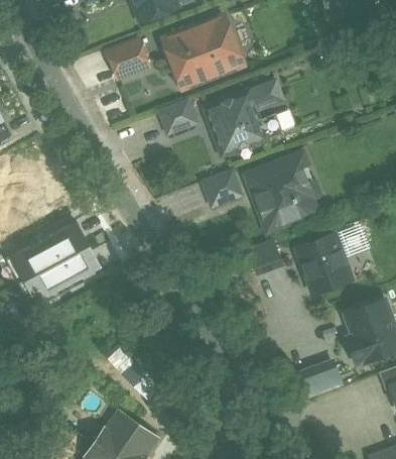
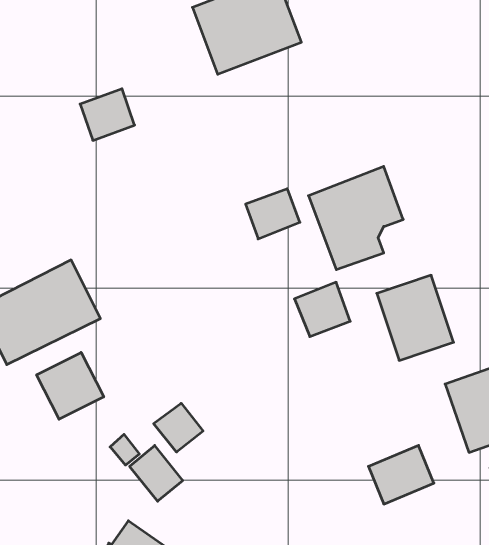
building: [109,39,148,77] -> [80,89,135,140]
building: [205,81,283,154] -> none
building: [158,98,197,133] -> none
building: none -> [37,352,104,419]
building: none -> [154,403,203,452]

